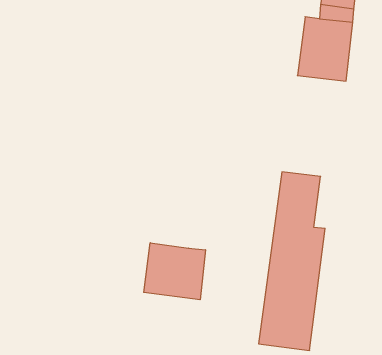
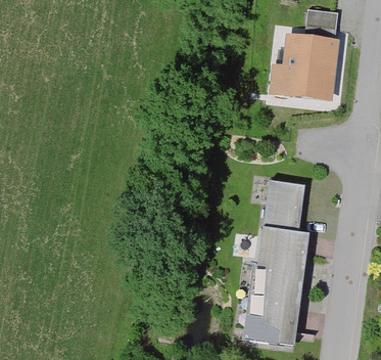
building: [144,243,205,300] -> none

